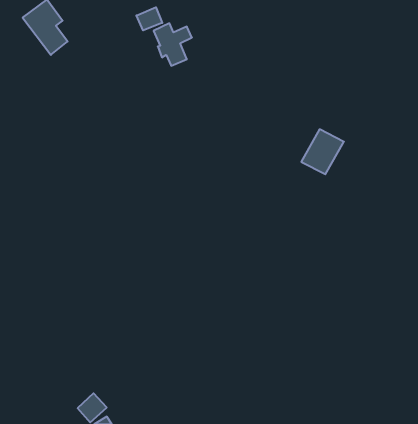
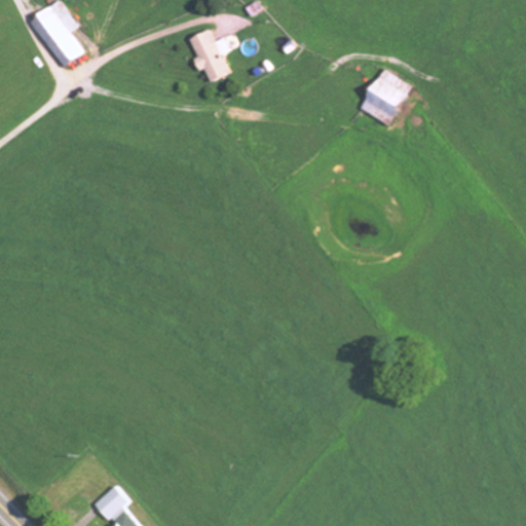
building: [136,7,162,30] -> none
building: [301,129,344,174] -> [362,69,414,124]

